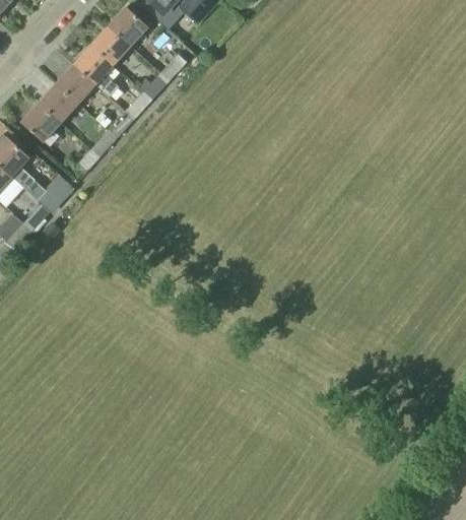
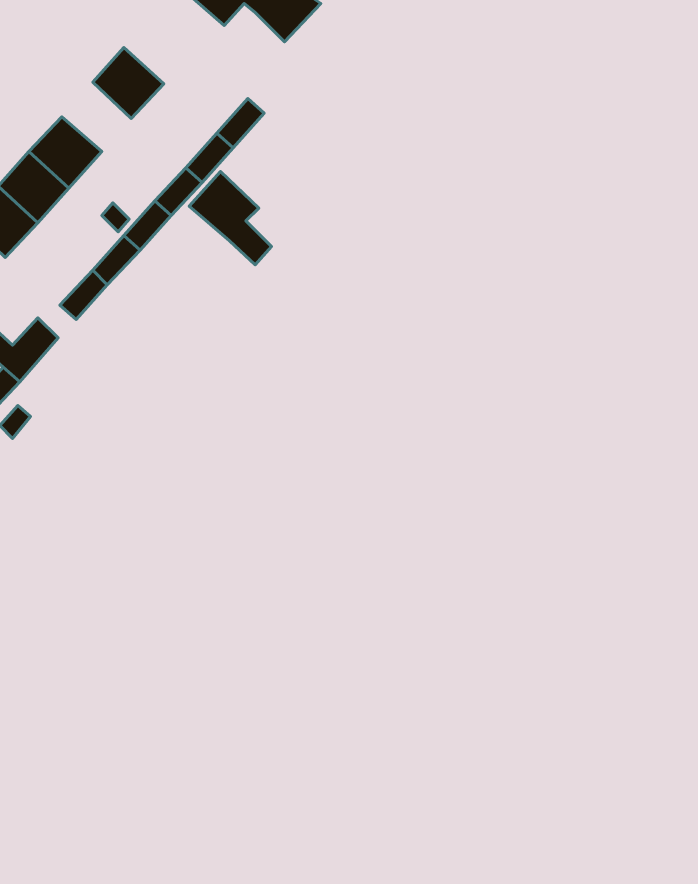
building: [108,7,147,47] -> none
building: [73,46,119,98] -> [189,172,271,265]

